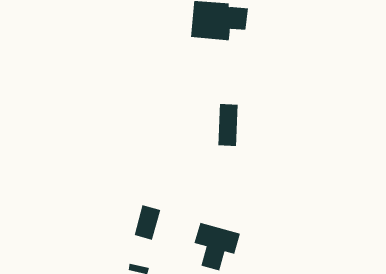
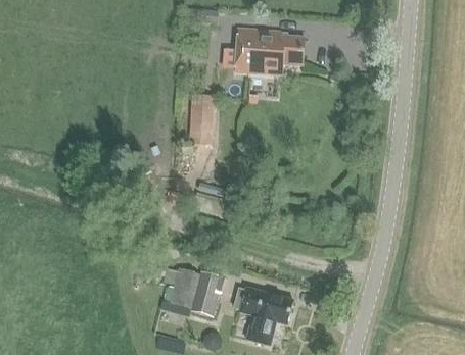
building: [217,104,238,146] -> [188,94,213,144]
building: none -> [189,270,222,316]

